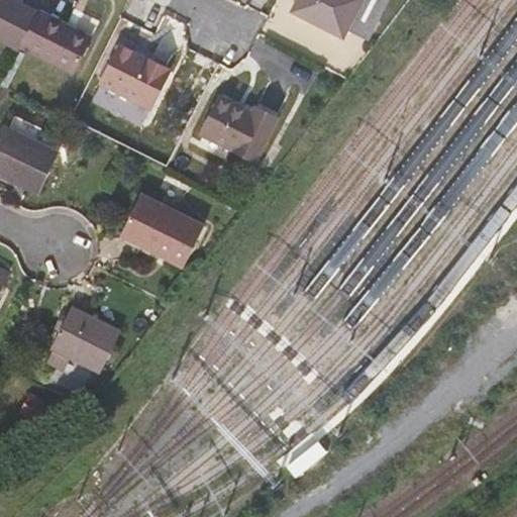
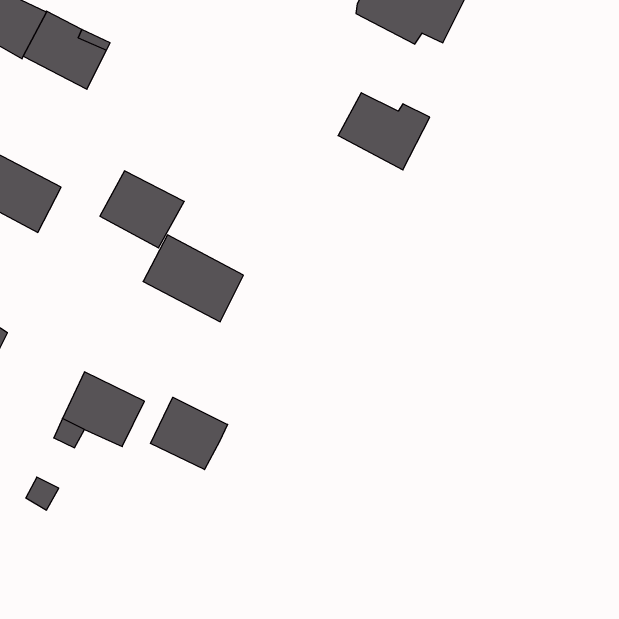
building: [100,45,170,109] -> [100,171,184,248]
building: [201,100,277,164] -> [338,93,430,170]
building: none -> [150,397,228,470]

